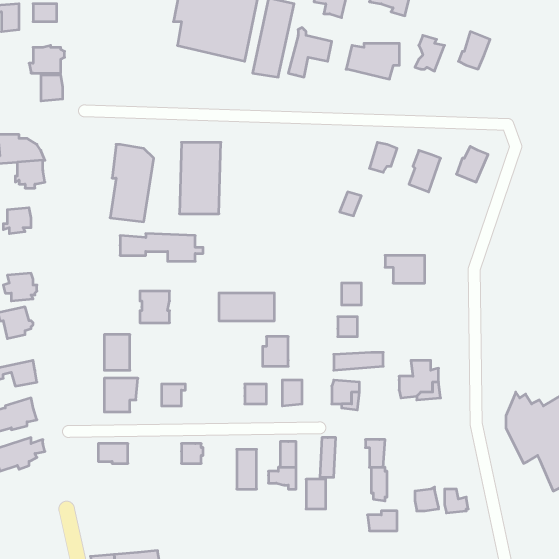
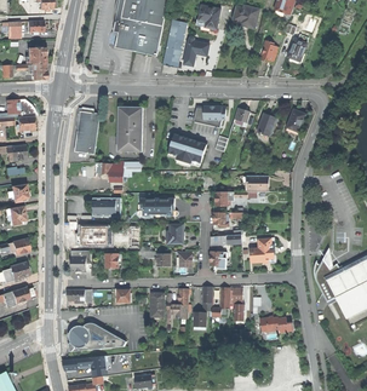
building: [346,43,399,79] -> [193,107,225,128]
building: none -> [168,133,207,163]
building: none -> [68,323,126,352]

